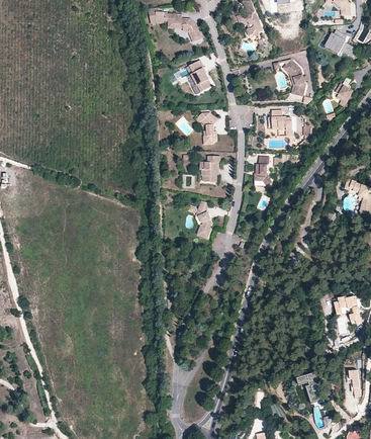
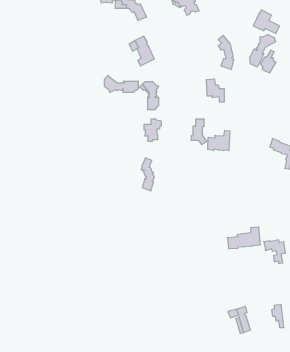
building: none -> [250,34,276,67]
building: none -> [105,76,138,93]
building: none -> [208,130,230,151]
building: none -> [228,227,260,249]

